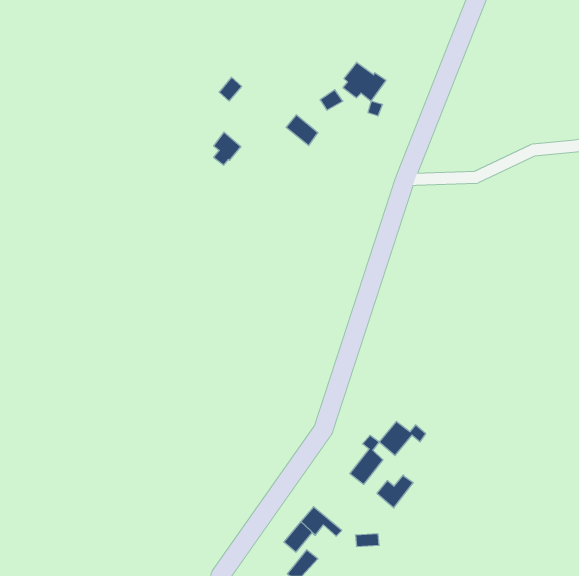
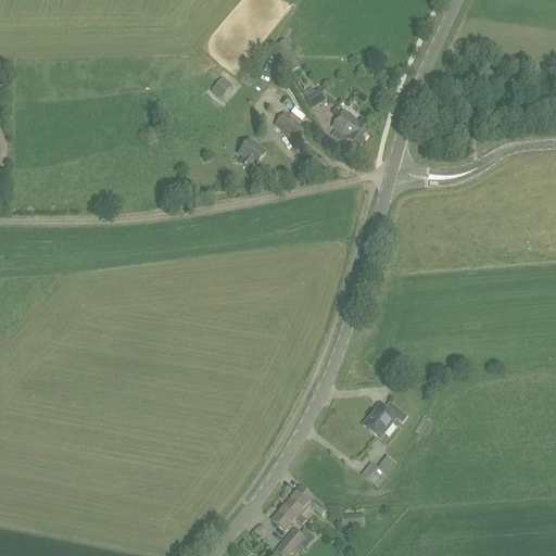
building: [343,62,386,101] -> [331,109,372,146]
building: [214,132,241,165] -> [239,137,265,168]
building: [350,435,383,484] -> none

